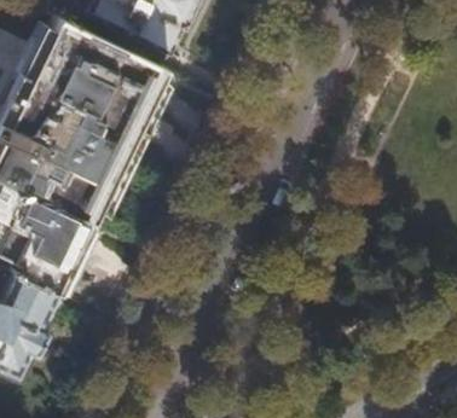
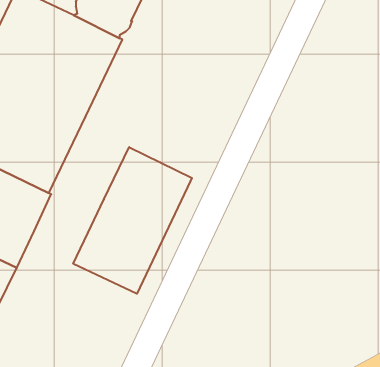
building: none -> [73,147,192,294]

